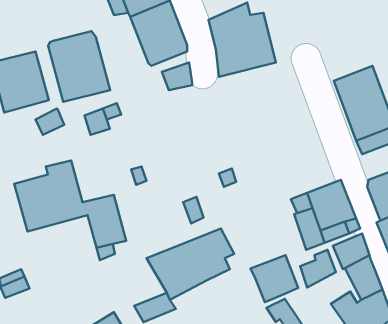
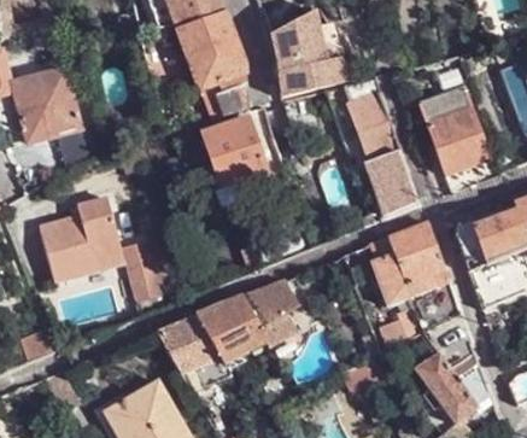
building: [48,31,110,102] -> none
building: none -> [326,76,416,210]
building: none -> [203,118,265,185]
building: [250,255,298,302] -> none
building: none -> [159,314,221,370]

